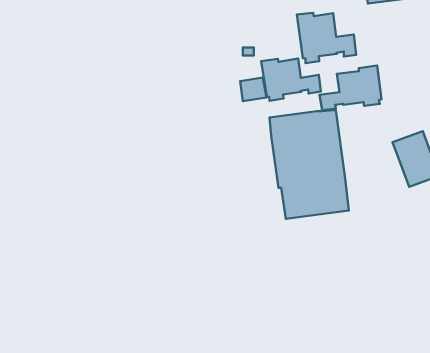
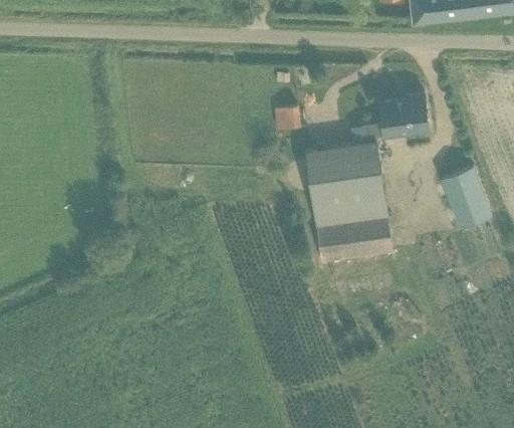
building: [297,13,356,63] -> none
building: [261,58,321,101] -> none

